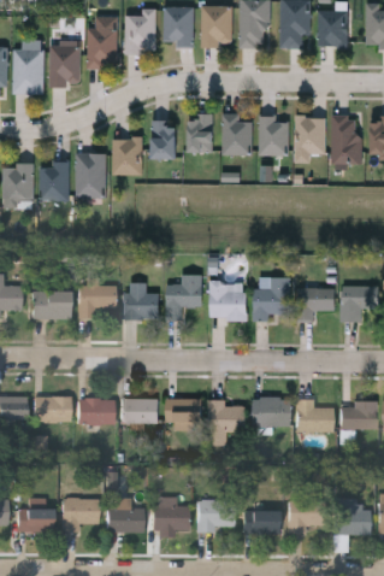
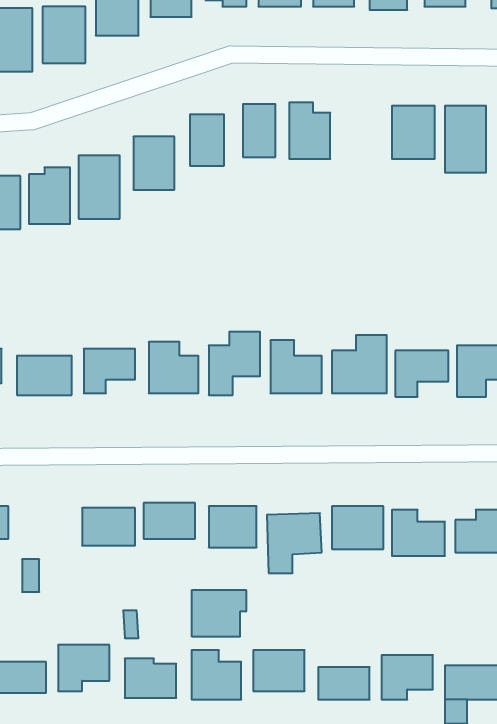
building: [259,117,286,154] -> none
building: [33,398,70,423] -> none
building: none -> [192,590,246,637]

